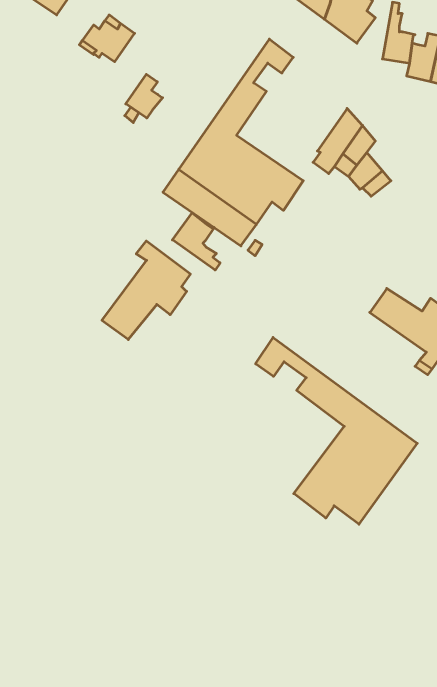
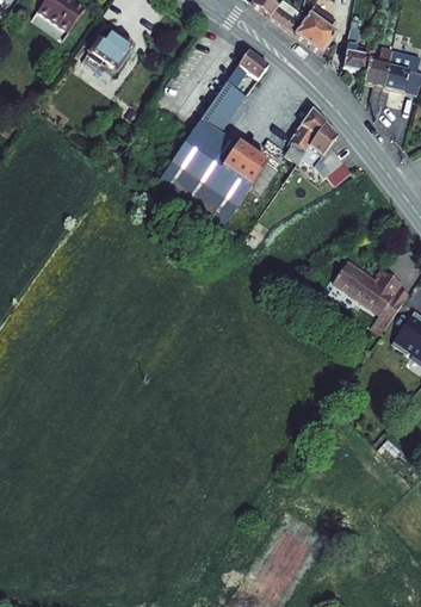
building: [126,74,163,118] -> none
building: [172,213,220,270] -> none
building: [102,241,190,340] -> none
building: [256,337,417,524] -> none

